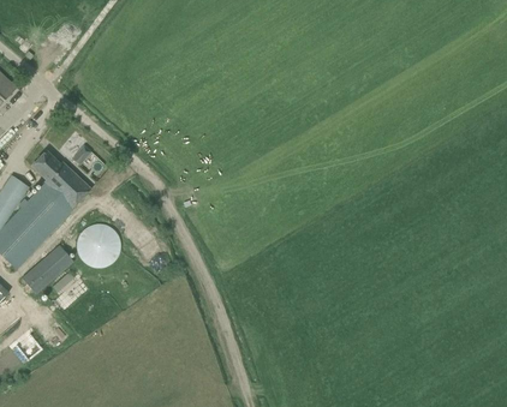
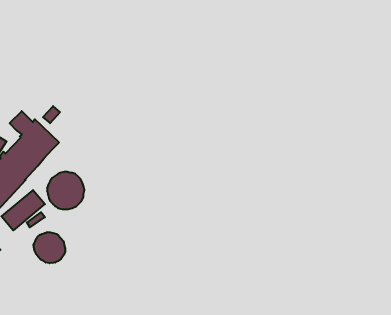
building: none -> [34,232,65,263]

